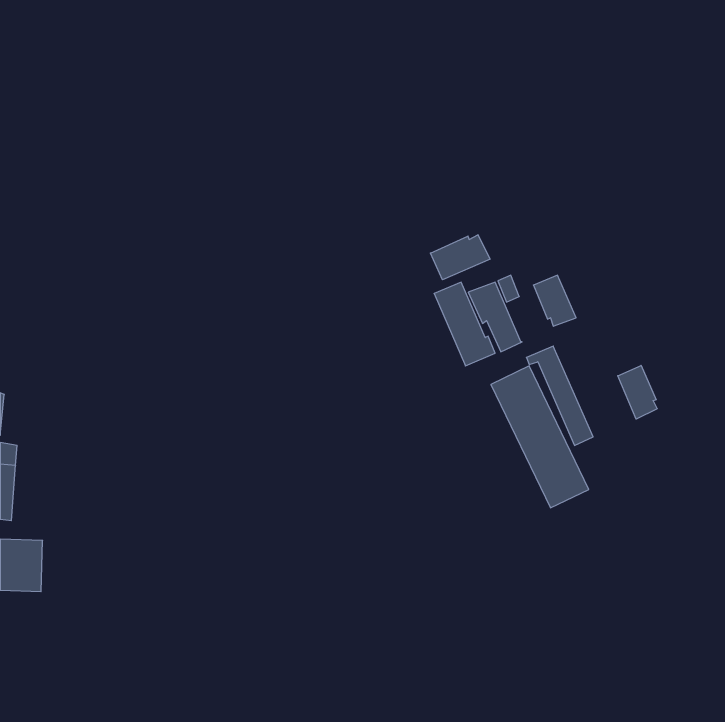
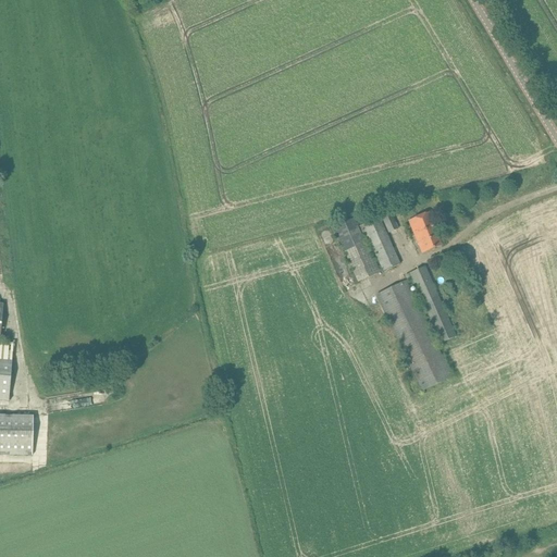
building: [430,235,490,280] -> none
building: [618,365,657,419] -> none

